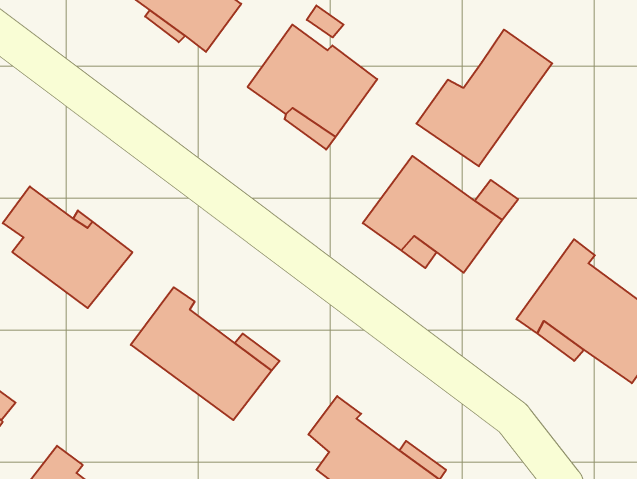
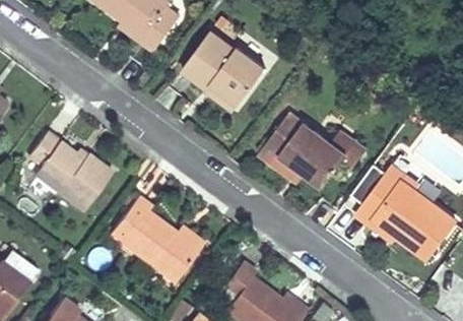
building: [416,30,552,166] -> none

